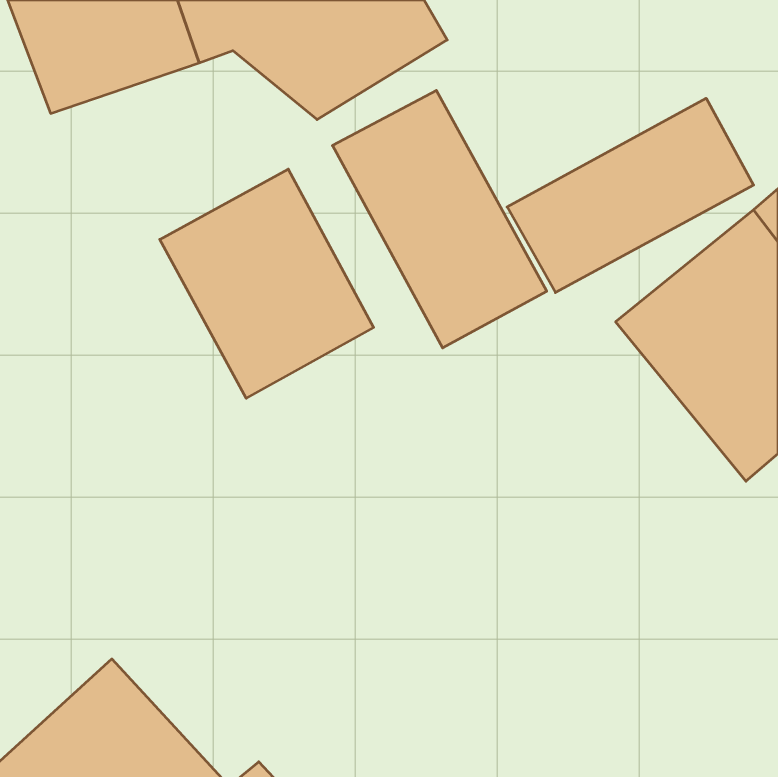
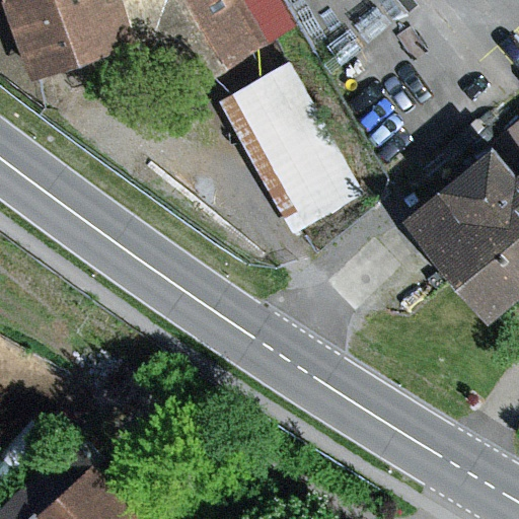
building: [507,98,754,293] -> none
building: [160,169,374,398] -> none

